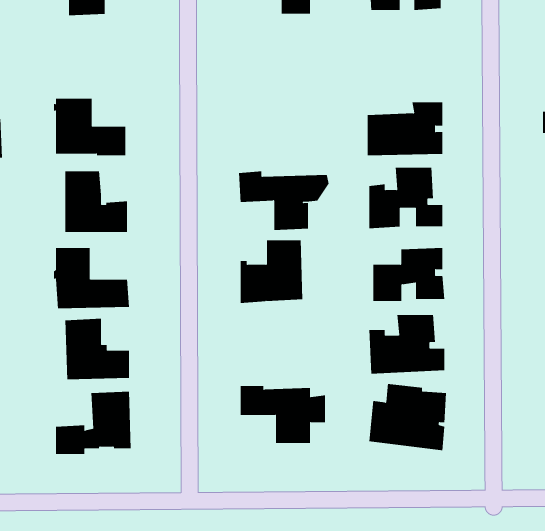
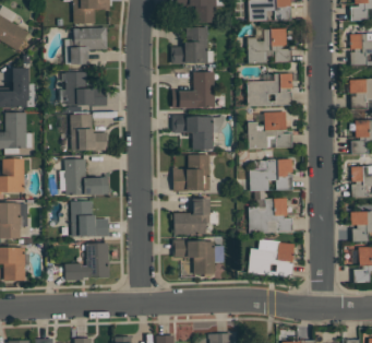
building: none -> [65,26,107,63]
building: none -> [171,26,214,63]
building: none -> [248,28,291,62]
building: none -> [172,71,215,107]
building: none -> [175,198,219,234]

